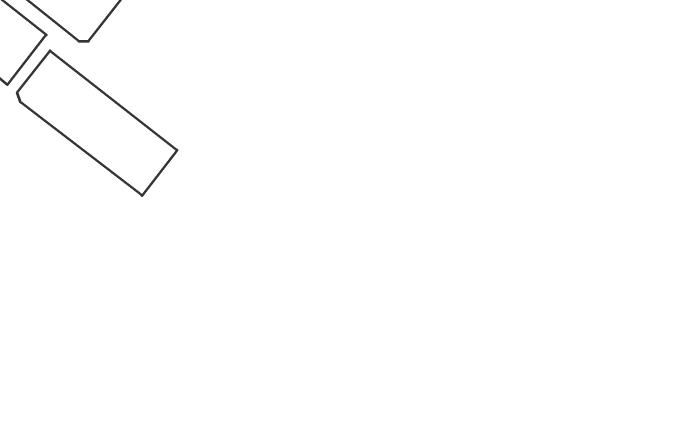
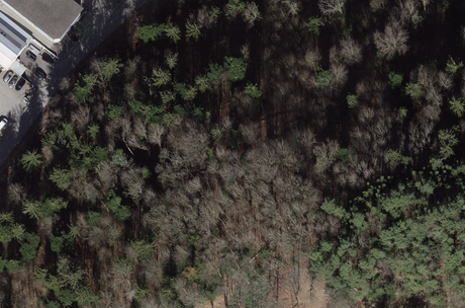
building: [17,51,177,196] -> none

